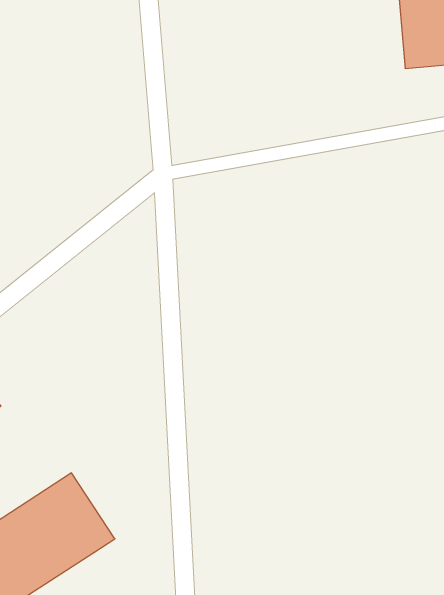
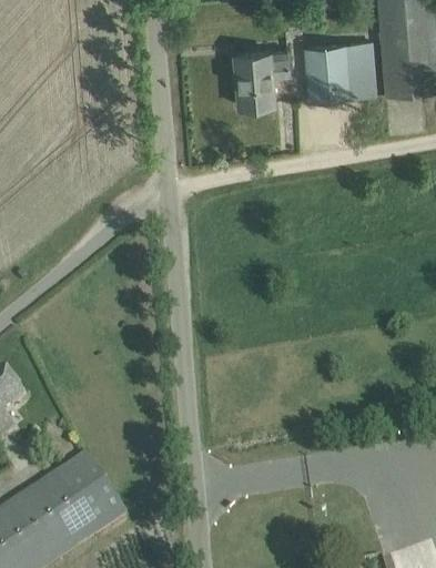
building: none -> [305,40,374,97]
building: none -> [234,47,288,102]

